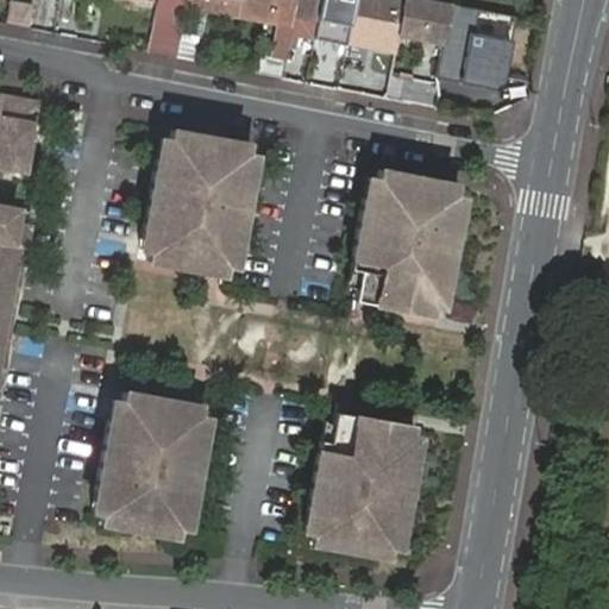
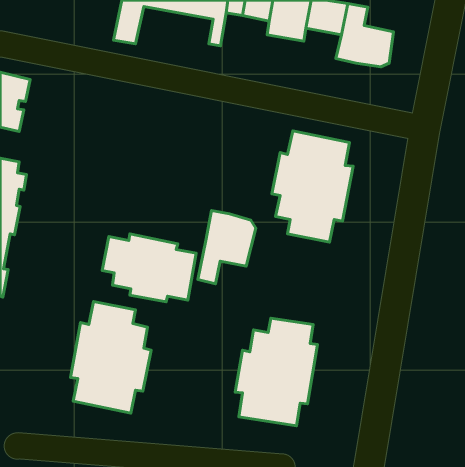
building: [146,128,256,270] -> none
building: none -> [198,211,256,284]
building: none -> [102,234,196,302]

